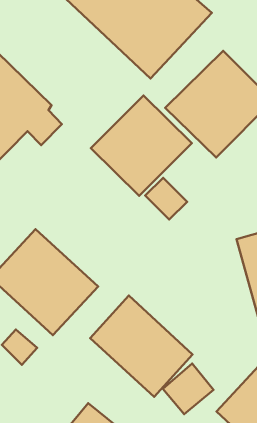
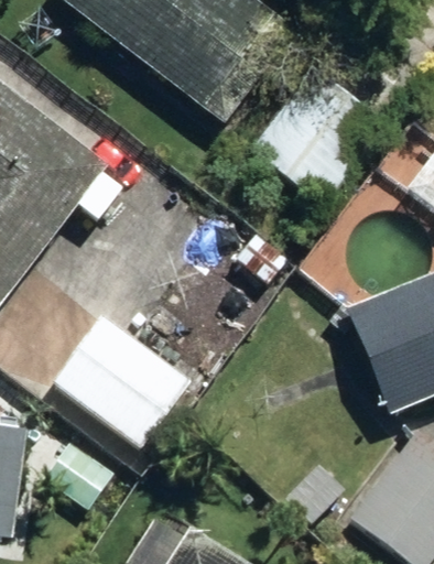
building: [91,95,192,196] -> none
building: [90,296,193,397] -> none

